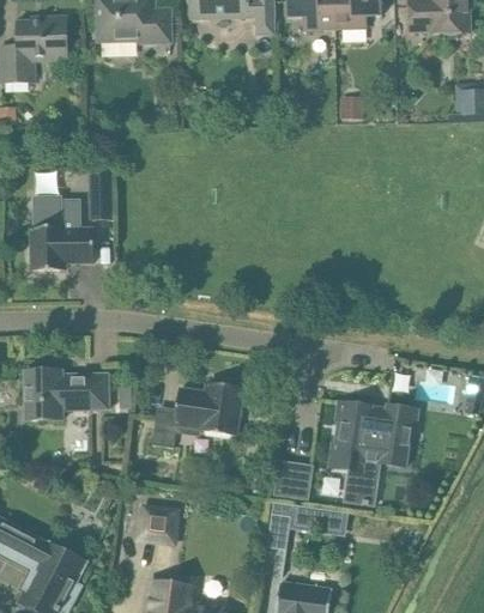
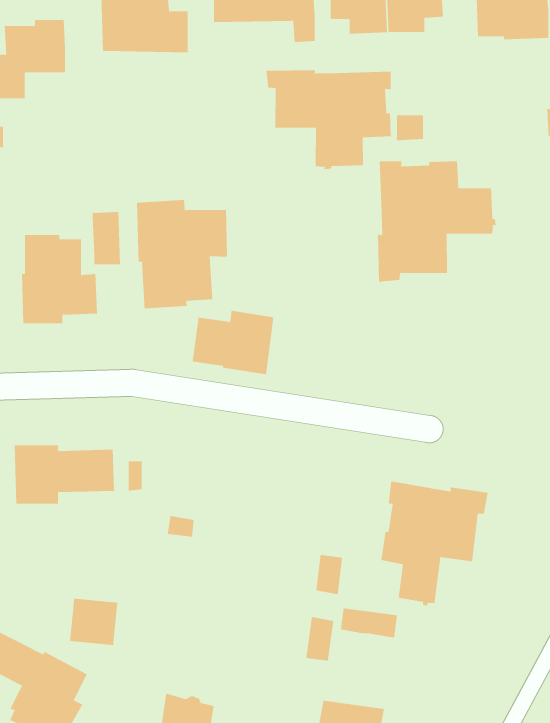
building: none -> [266,69,391,170]
building: none -> [378,161,496,282]
building: none -> [136,199,227,309]
building: [174,382,242,436] -> [192,310,274,375]
building: [138,504,179,544] -> [69,598,118,646]

